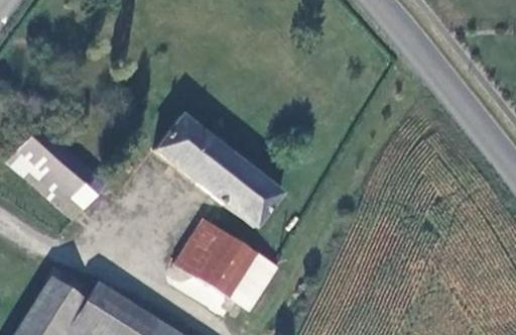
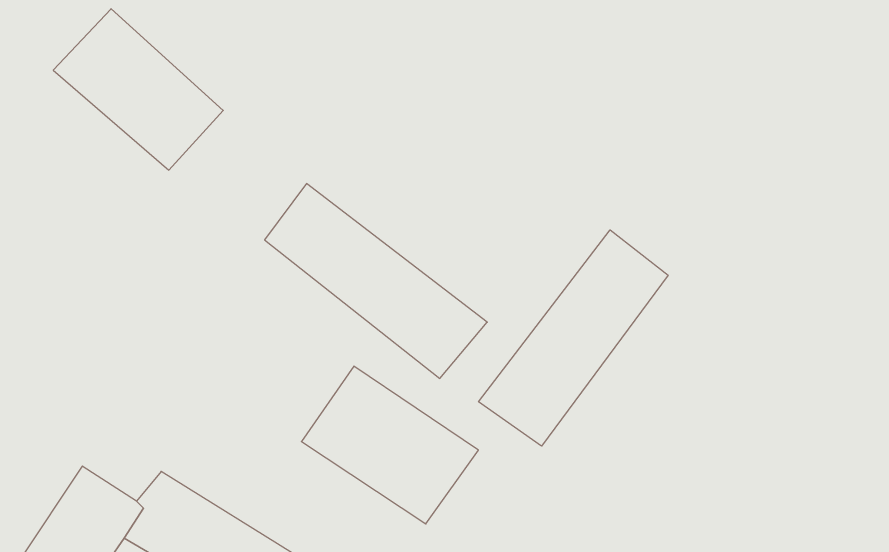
building: [8,123,106,216] -> [53,9,223,170]
building: none -> [479,230,668,446]

